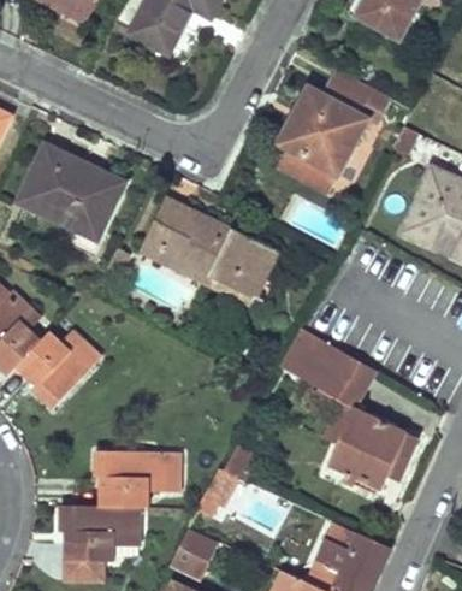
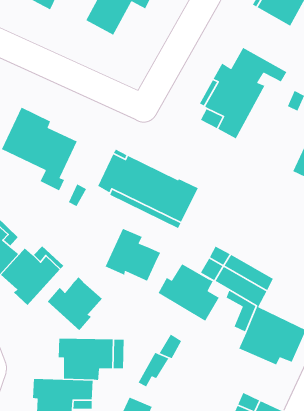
building: none -> [105,228,161,282]
building: none -> [157,263,220,322]
building: none -> [47,277,103,331]

